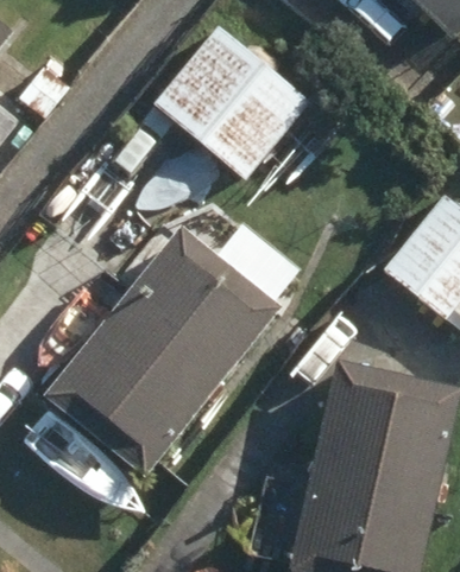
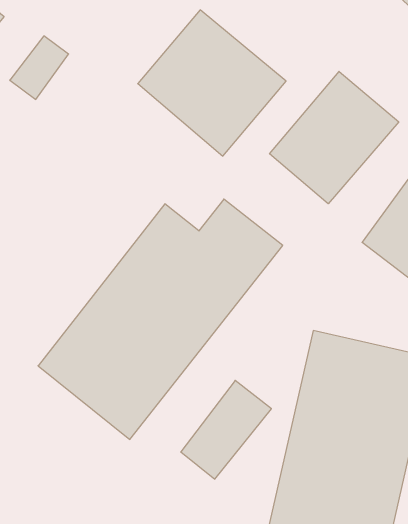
building: none -> [270,71,399,204]

